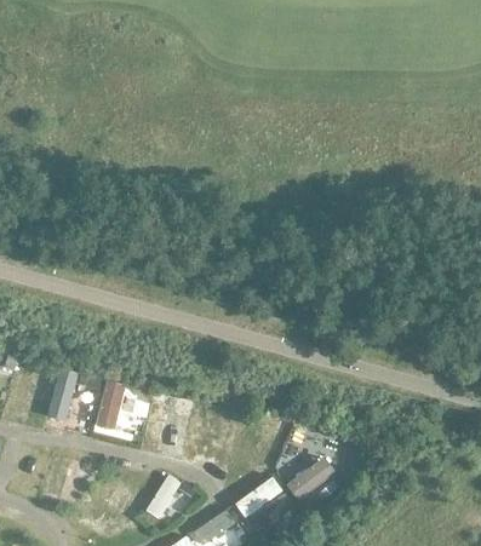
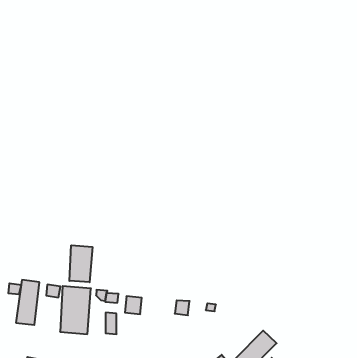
building: none -> [69,245,92,282]

